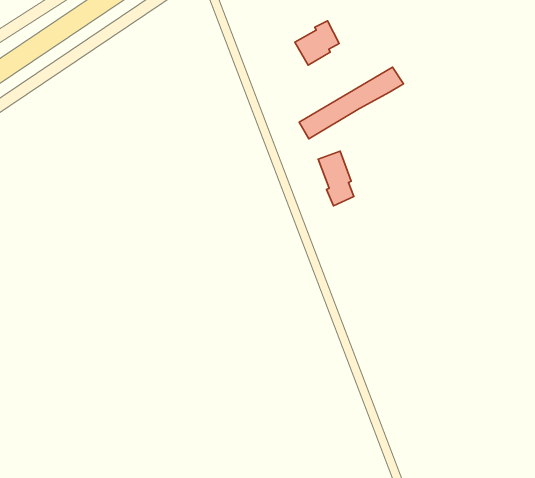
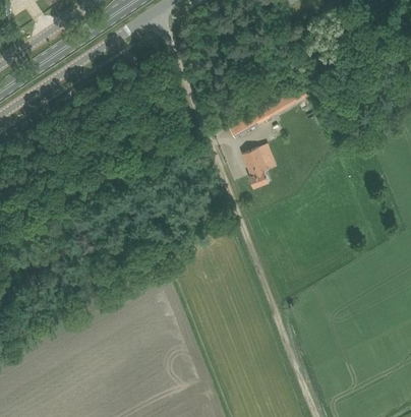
building: [295,21,339,65] -> none

